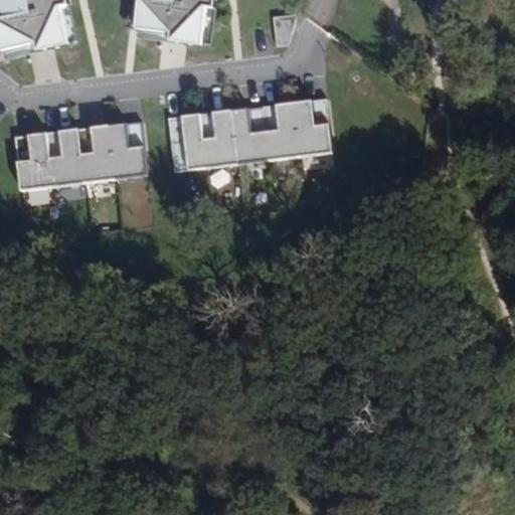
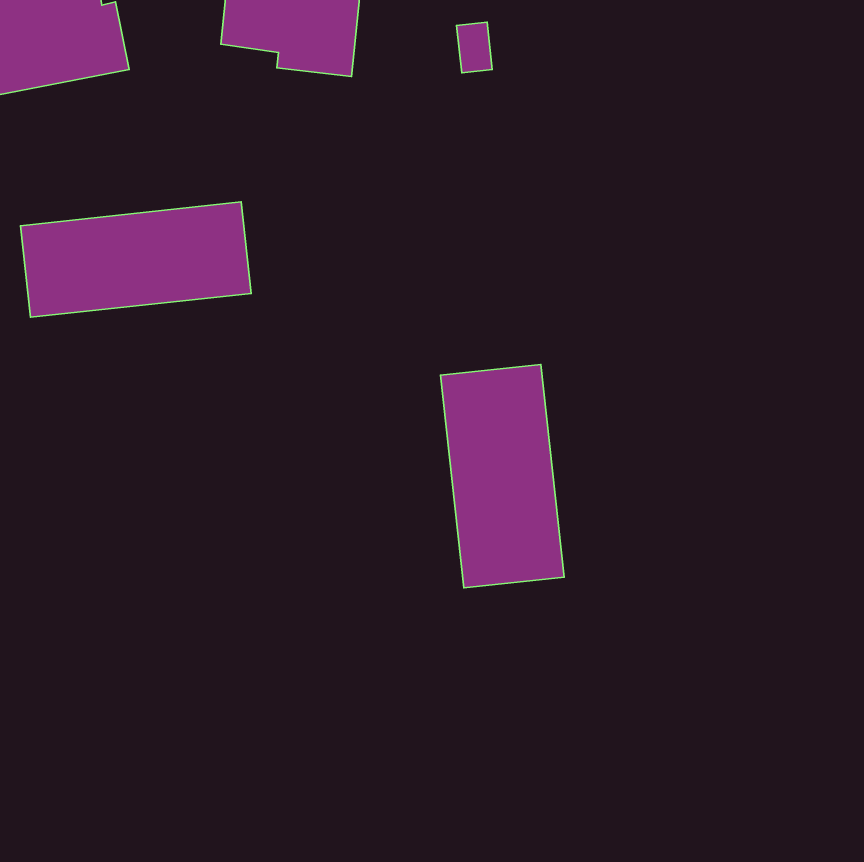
building: [167,101,329,171] -> none
building: none -> [441,364,564,588]

